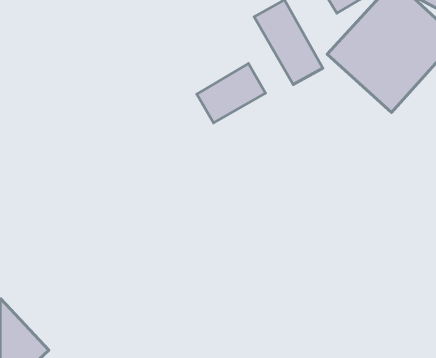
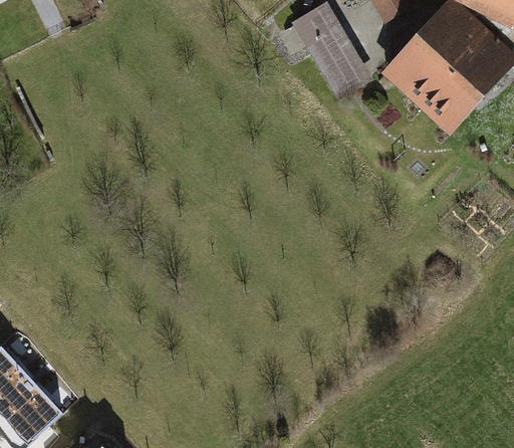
building: [197,64,266,123] -> none

